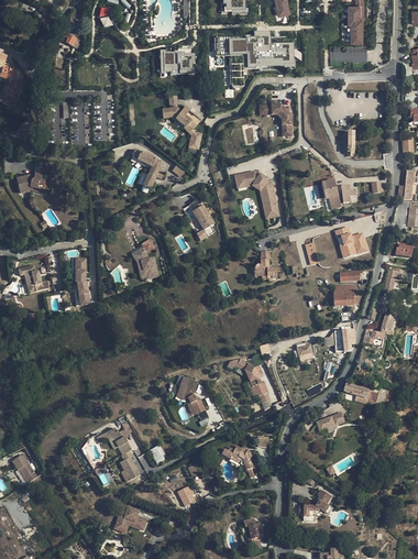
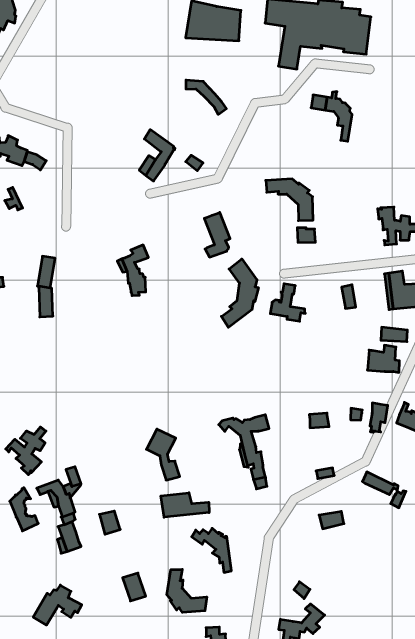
building: none -> [221,259,258,327]
building: none -> [6,427,46,475]
building: none -> [161,493,209,517]
building: none -> [167,569,207,612]

